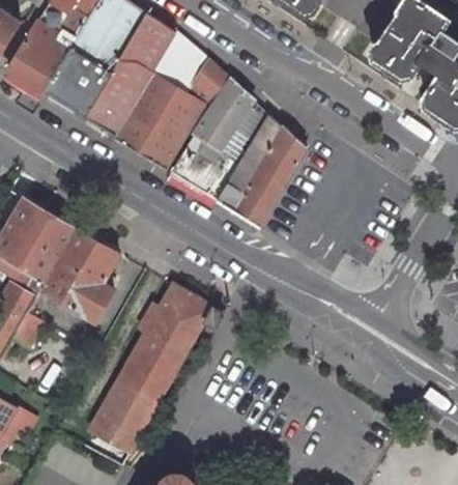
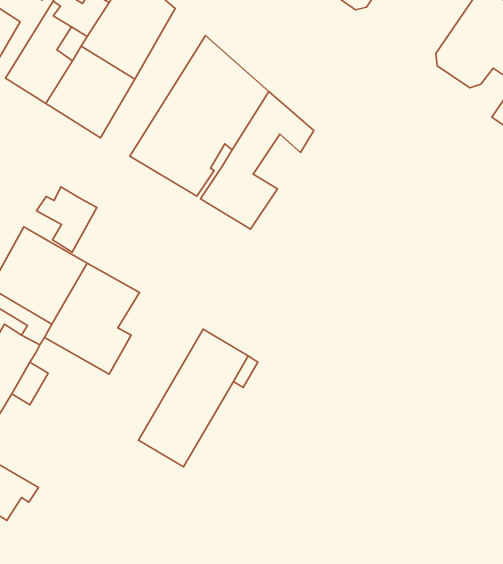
building: [87,11,176,137] -> none
building: [214,115,307,227] -> none
building: none -> [37,187,97,252]
building: [90,378,158,452] -> none

